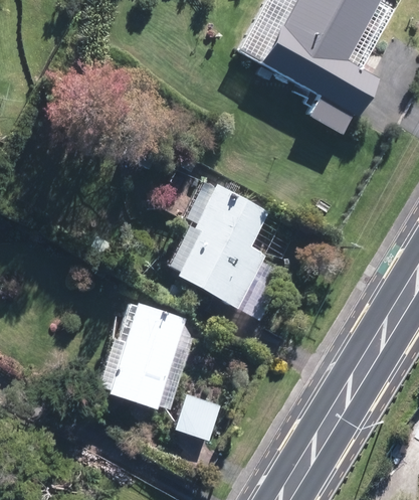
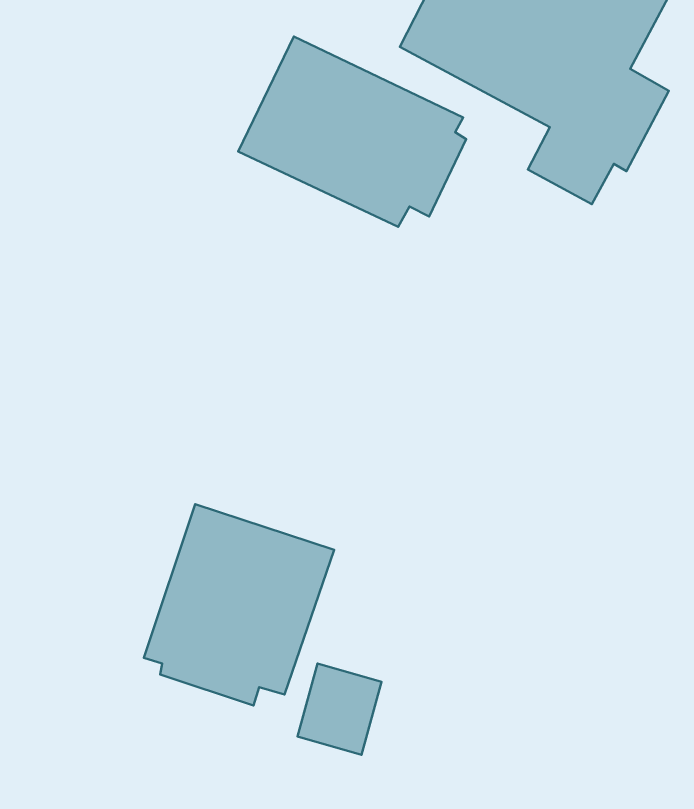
building: none -> [238,37,466,227]
building: [164,181,289,318] -> none

